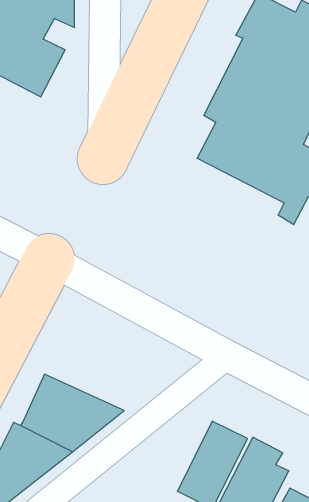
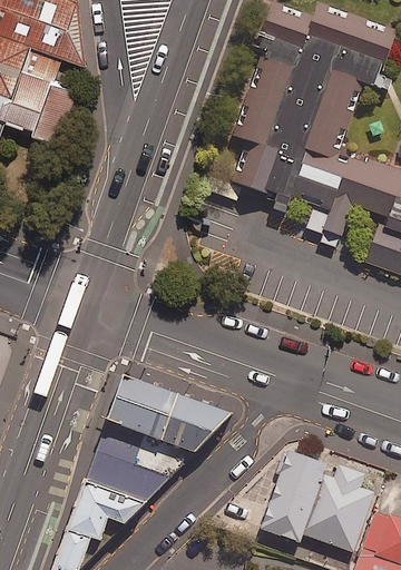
building: none -> [102,377,227,454]

